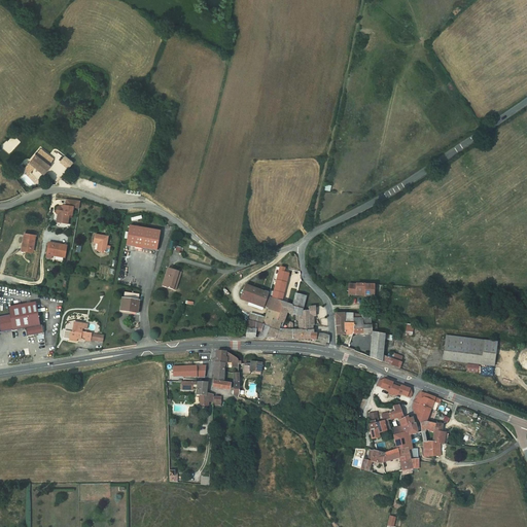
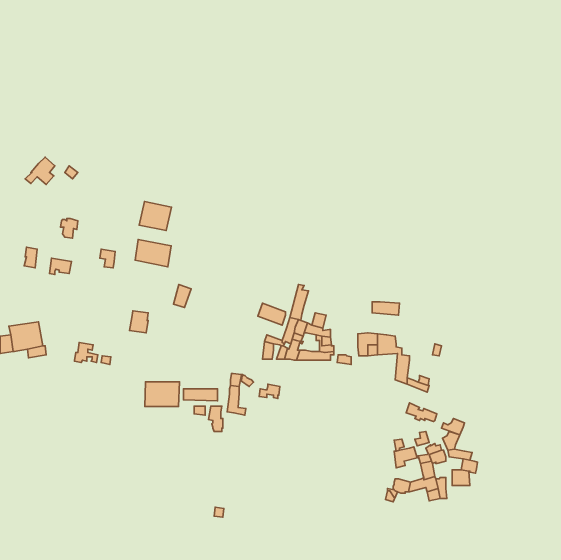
building: none -> [139,202,172,231]
building: [443,335,497,365] -> none
building: none -> [145,382,179,406]

